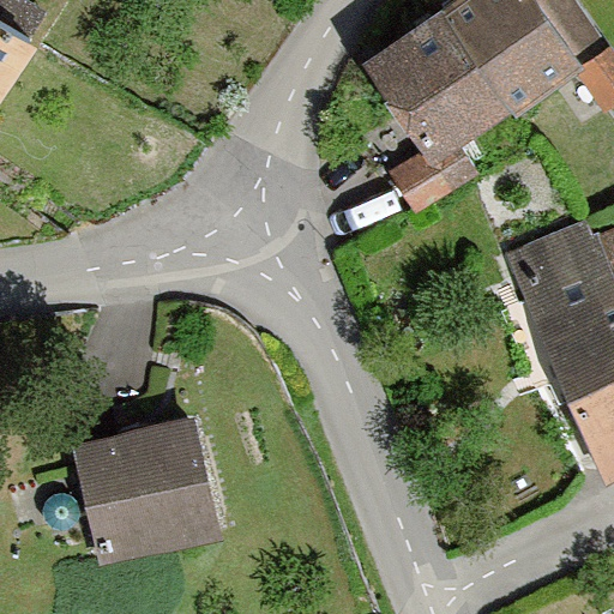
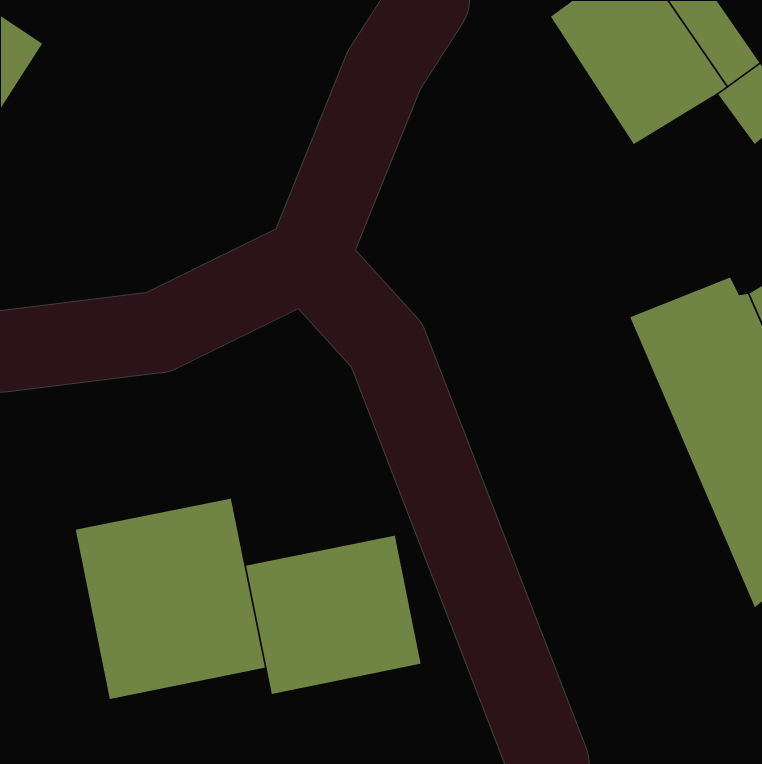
building: [362,13,510,216] -> none
building: none -> [245,535,422,695]

